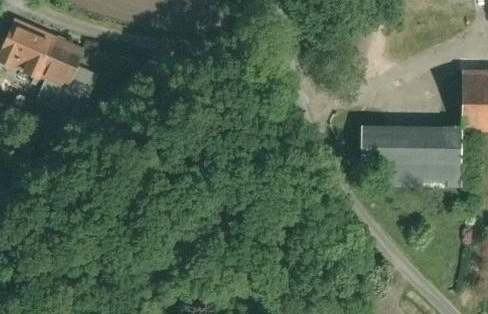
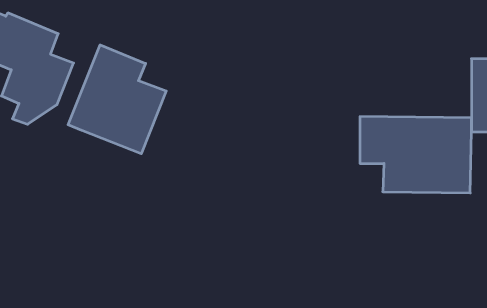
building: none -> [68,45,166,154]

